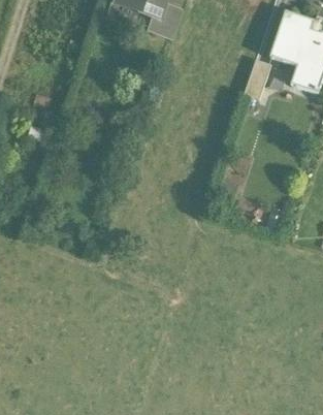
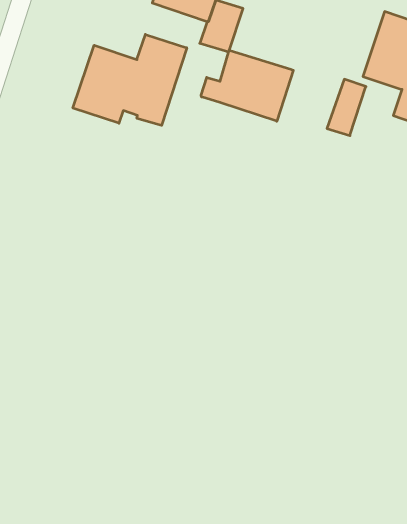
building: none -> [73,34,187,125]
building: none -> [201,50,293,121]

